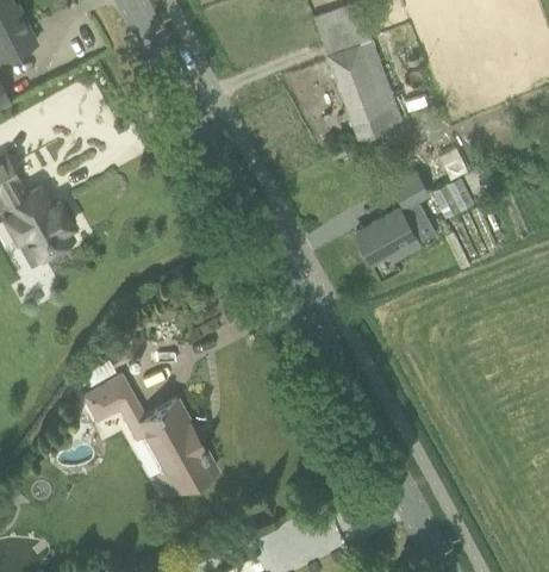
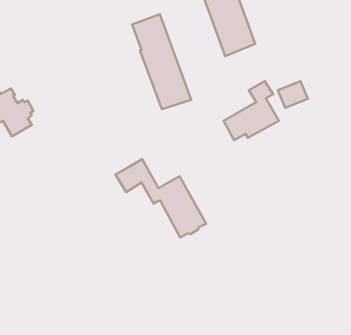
building: none -> [132,14,191,109]
building: [82,377,216,492] -> [116,159,206,238]

